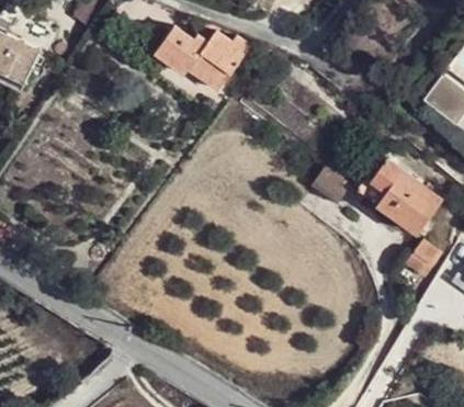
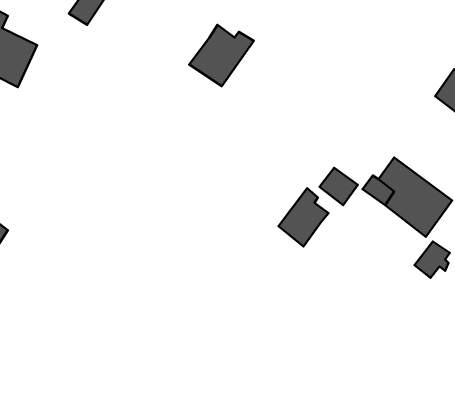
building: [155,26,206,74] -> none
building: none -> [278,188,329,247]

